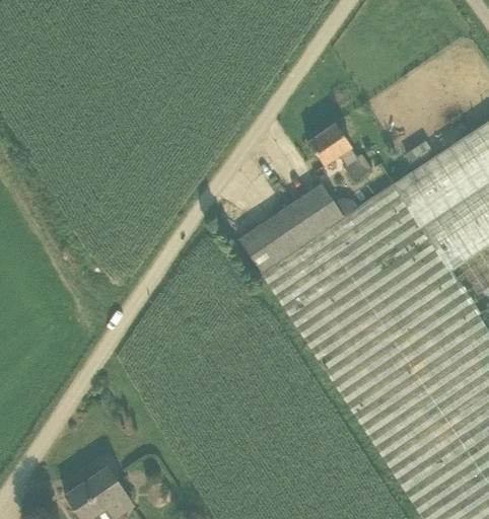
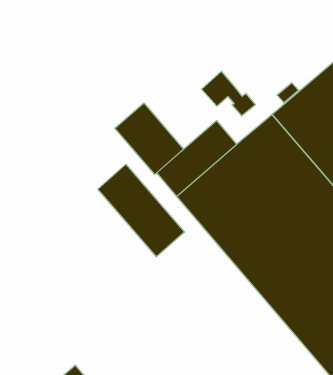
building: none -> [115,103,184,174]
building: none -> [98,164,185,257]

